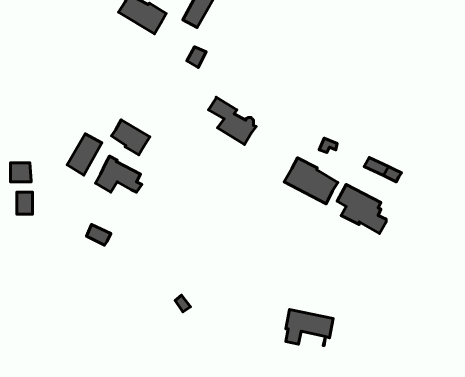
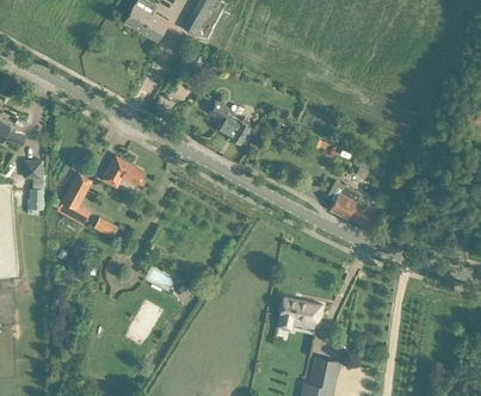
building: [111,120,150,155] -> none
building: [67,134,102,175] -> [60,173,92,211]
building: [284,158,338,204] -> none

